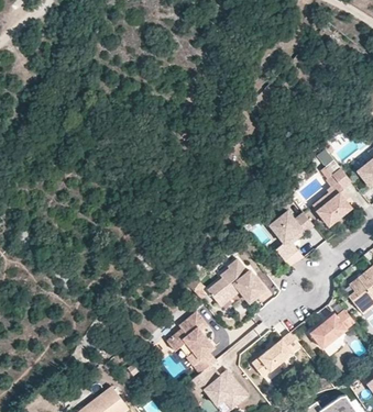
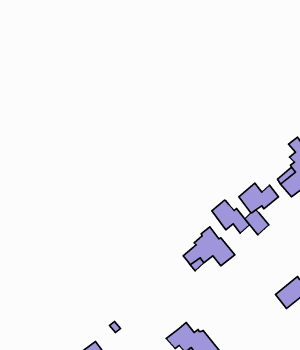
building: none -> [212,200,250,233]
building: [167,311,217,370] -> none
building: [252,332,300,376] -> none

